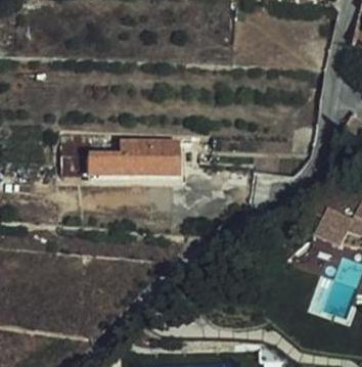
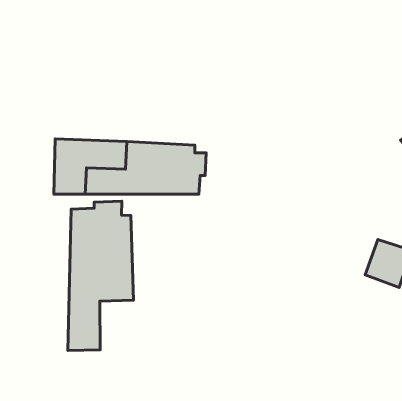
building: none -> [68,201,133,351]

